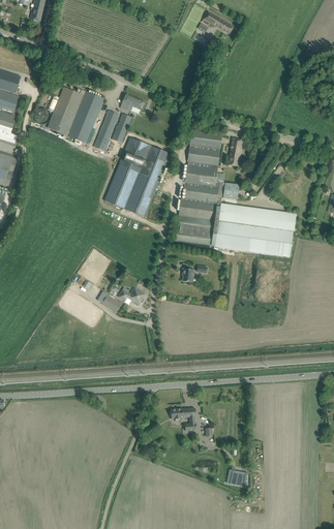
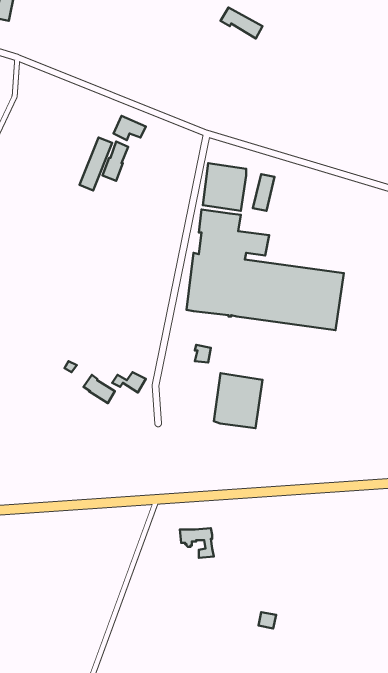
building: [47,86,104,143] -> none
building: [104,136,170,216] -> none
building: none -> [214,373,262,428]

